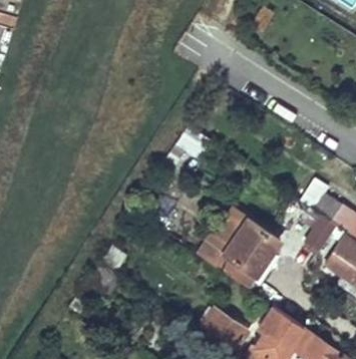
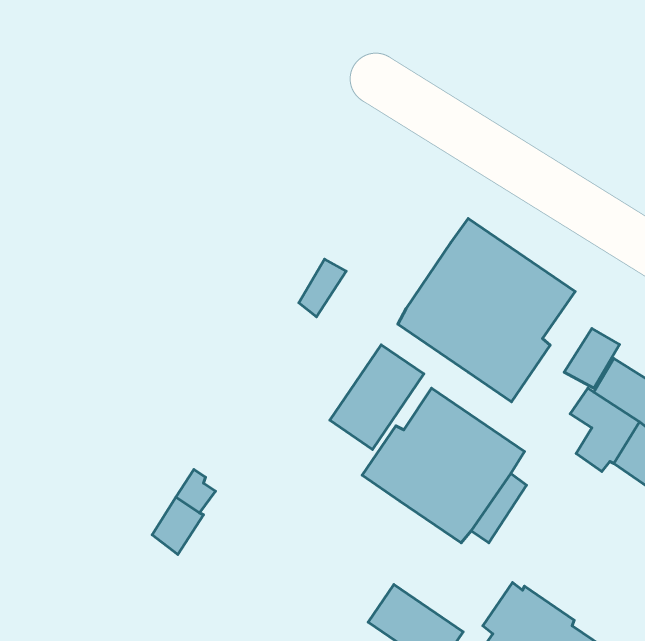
building: none -> [398,218,575,402]
building: none -> [330,345,424,449]

